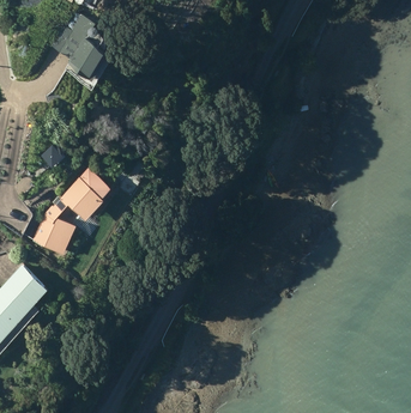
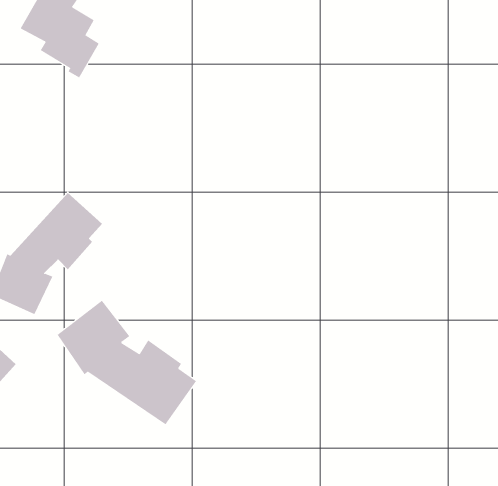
building: none -> [57,300,197,425]

